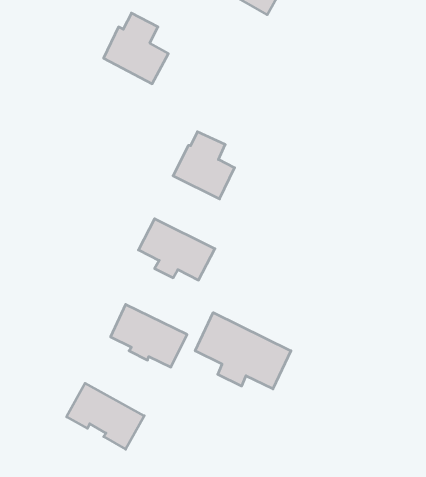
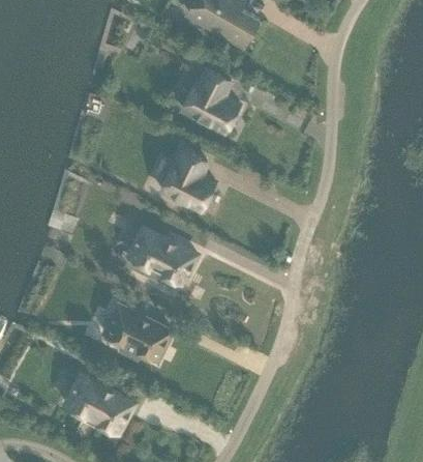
building: [104,13,168,84] -> [180,69,238,133]
building: [195,313,291,389] -> none

